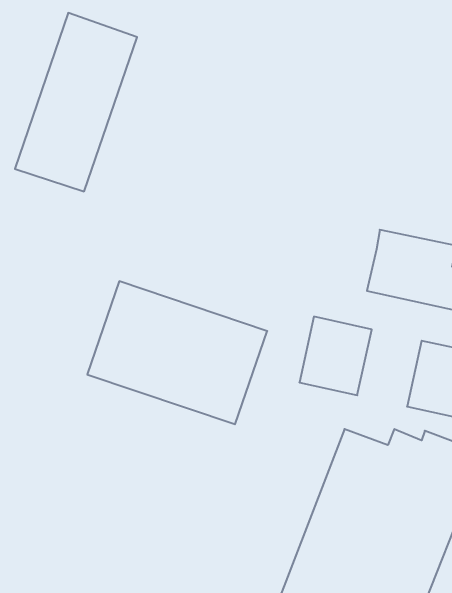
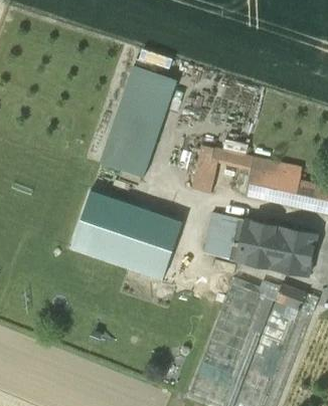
building: [15,13,137,191] -> [100,65,176,177]
building: none -> [191,146,253,194]
building: none -> [238,220,279,268]

